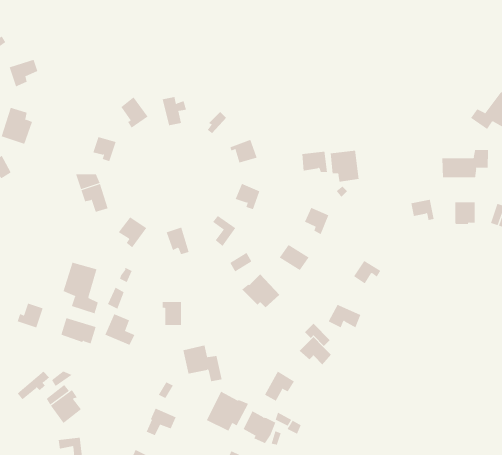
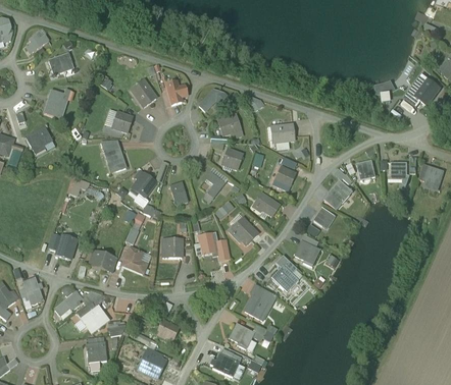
building: [442,149,488,178] -> none
building: [330,150,359,183] -> none
building: none -> [323,180,352,209]
building: [63,262,99,314] -> none
building: [183,345,222,382] -> [198,231,229,260]
building: [206,391,249,431] -> none

